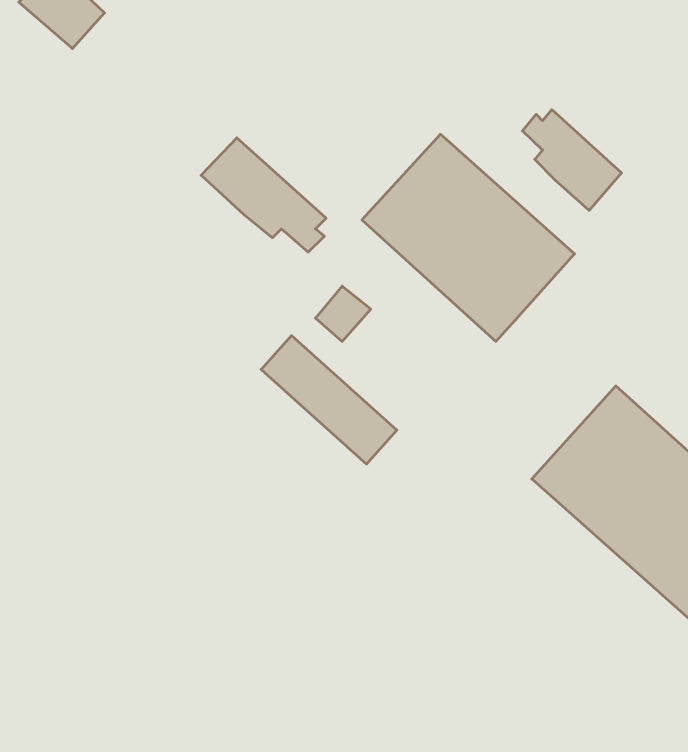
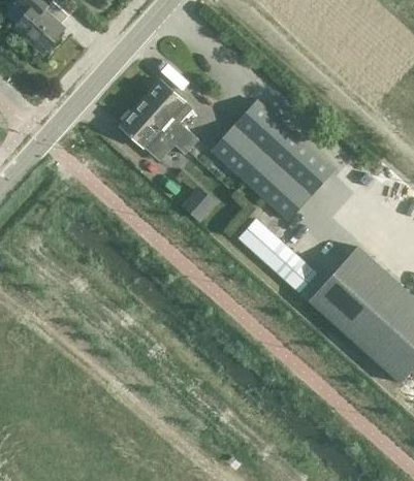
building: none -> [139,82,199,149]
building: [522,110,622,210] -> none
building: [261,336,397,464] -> [238,219,317,293]

